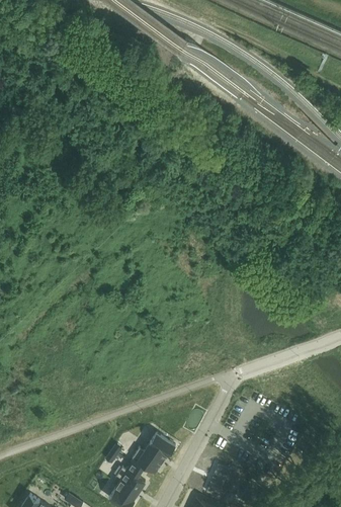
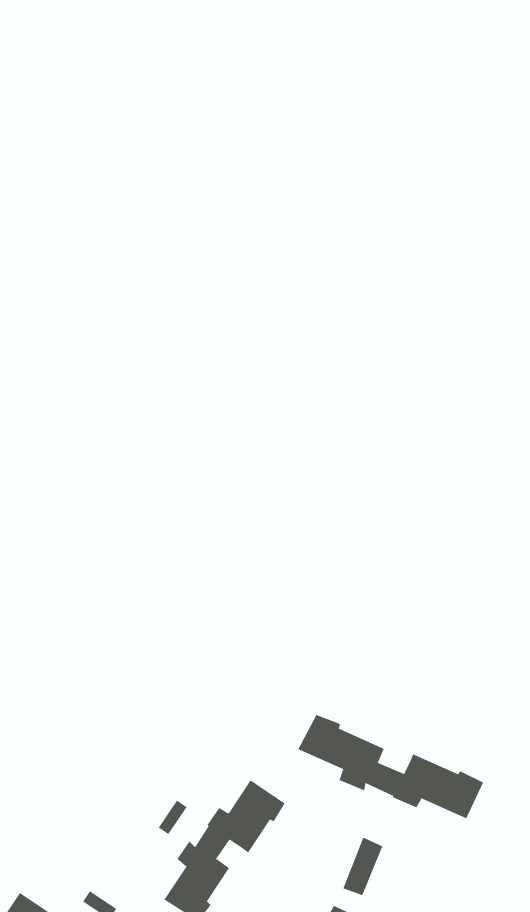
building: none -> [298,714,484,819]

